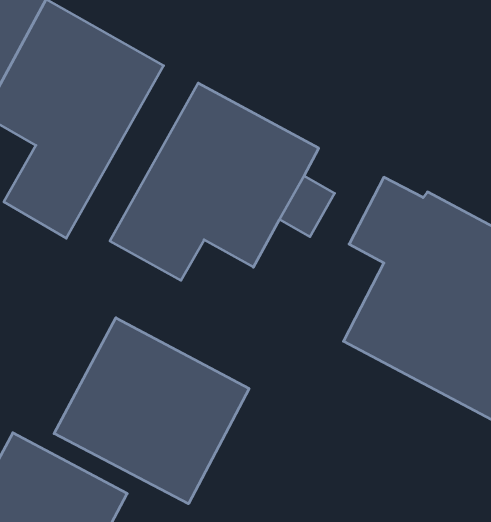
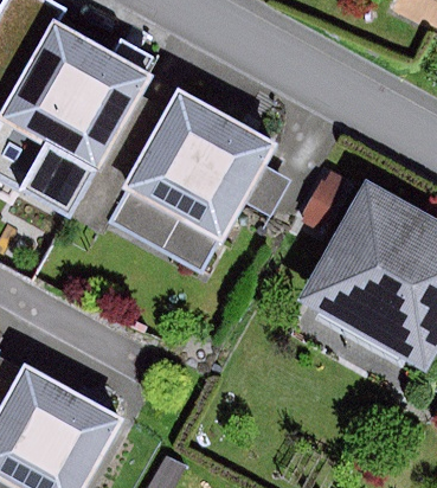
building: [54,318,249,504] -> none

